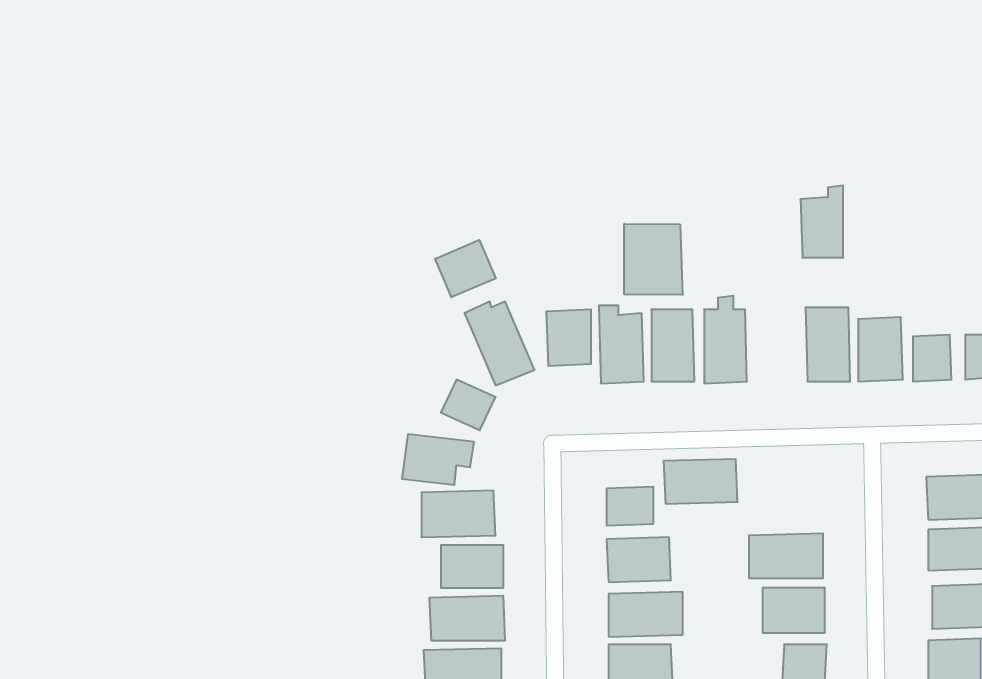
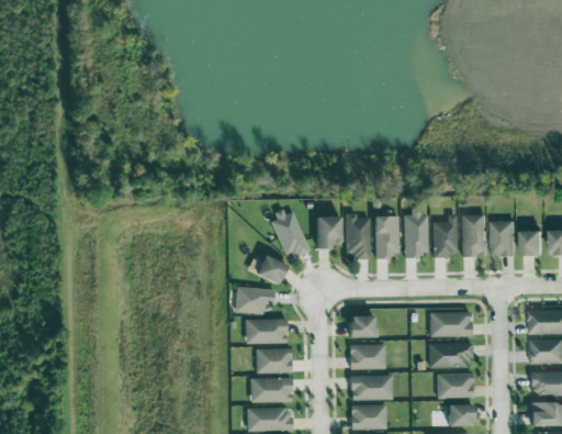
building: [800,186,843,258] -> [432,214,457,255]
building: [624,224,683,295] -> none
building: [435,240,496,297] -> none
building: [664,459,738,504] -> [429,311,471,336]

